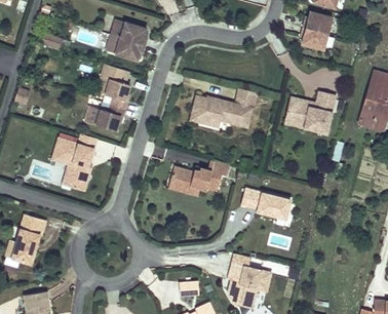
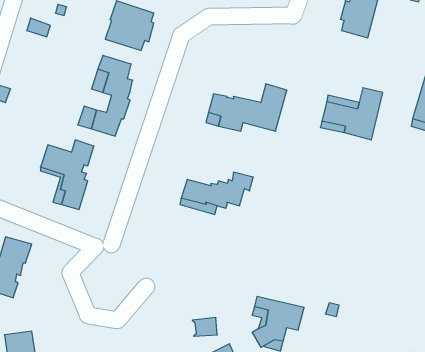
building: [241,188,292,219] -> none

